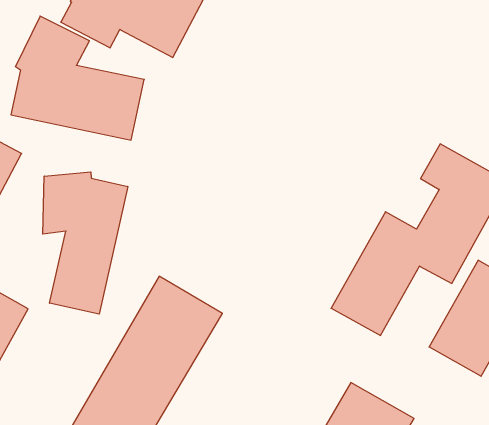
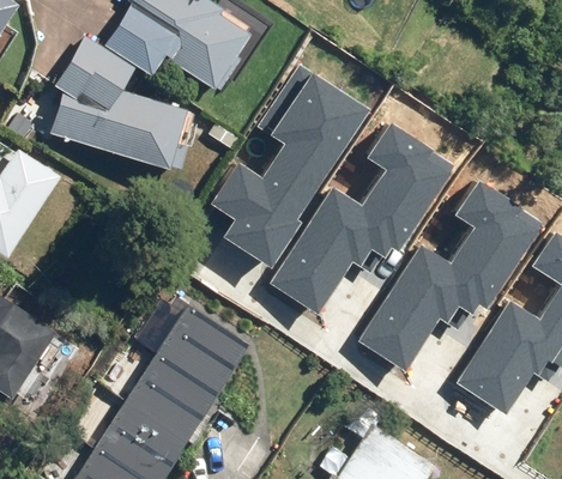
building: none -> [211,66,373,268]
building: none -> [270,126,454,315]
building: [43,172,128,314] -> none

